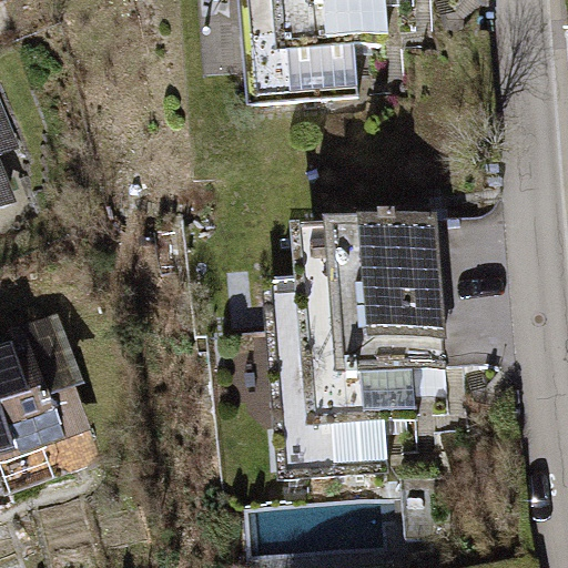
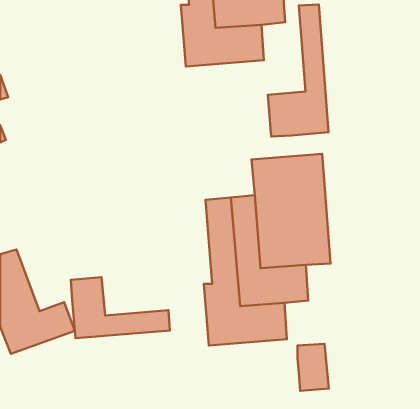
building: none -> [268,5,328,136]
building: none -> [71,277,170,338]

